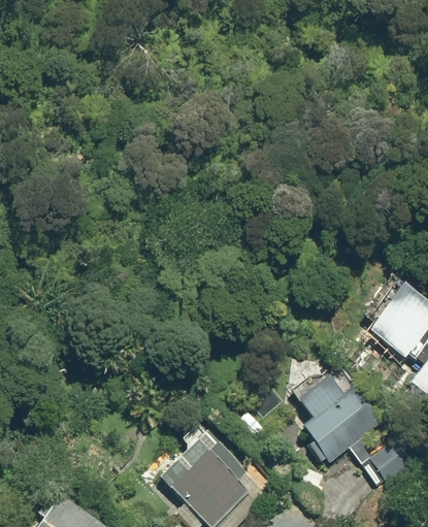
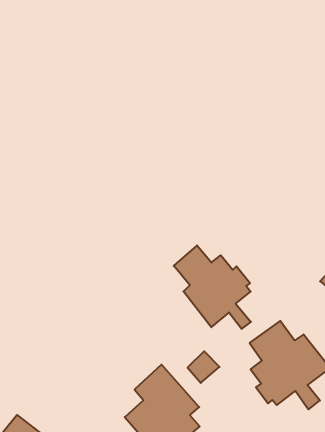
building: none -> [174,245,251,329]

